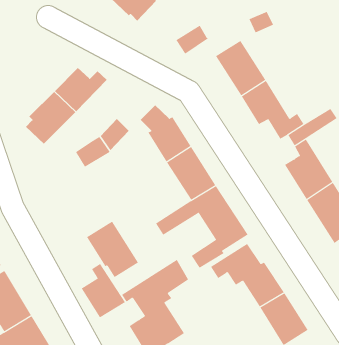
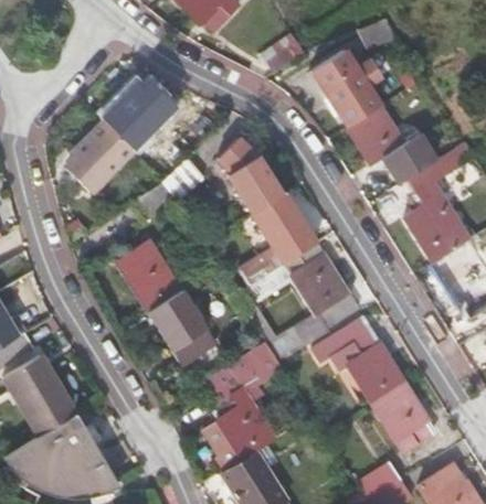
building: [81,263,126,318] -> [123,239,181,311]

